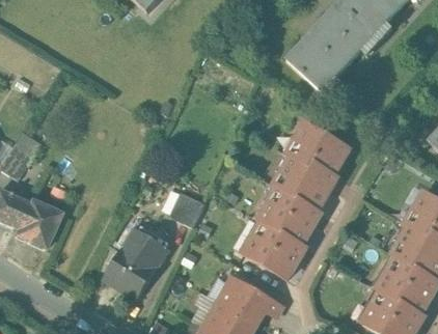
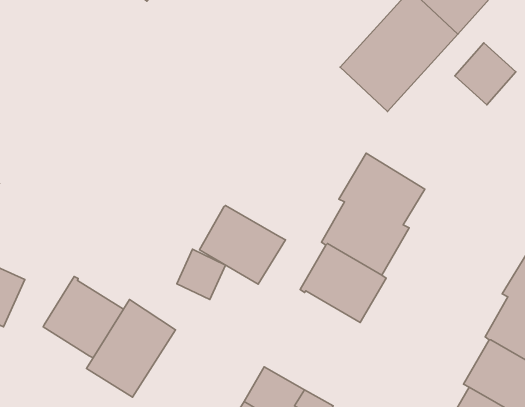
building: none -> [455,43,516,105]
building: none -> [43,276,123,358]
building: [244,221,306,278] -> [200,205,286,284]

